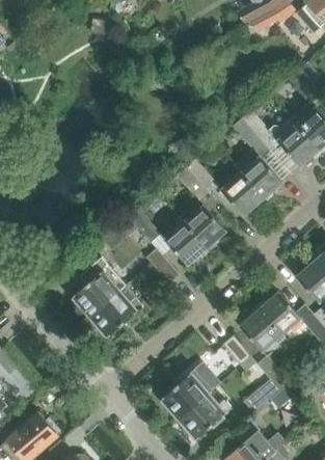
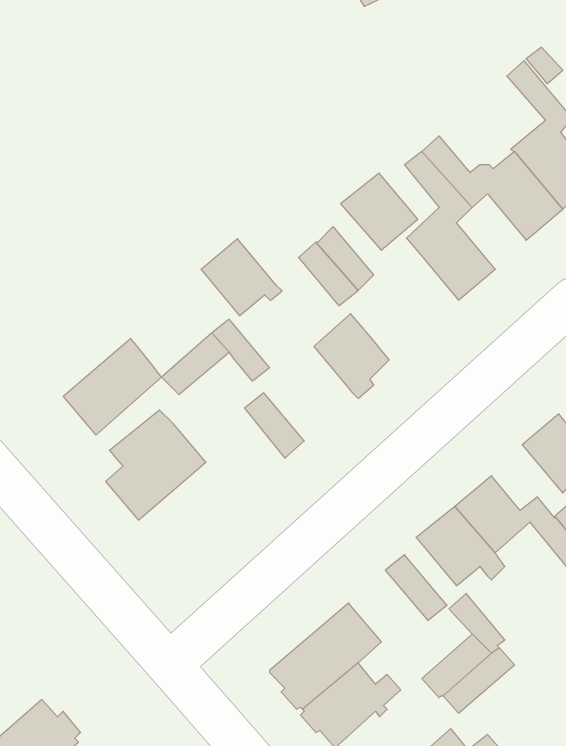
building: [221,173,263,215] -> [341,173,418,250]
building: [165,223,209,265] -> [201,239,282,316]
building: [90,286,143,337] -> [63,339,162,435]

